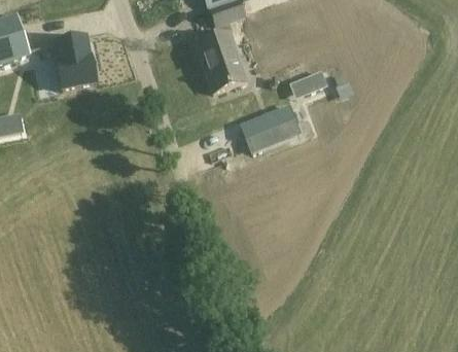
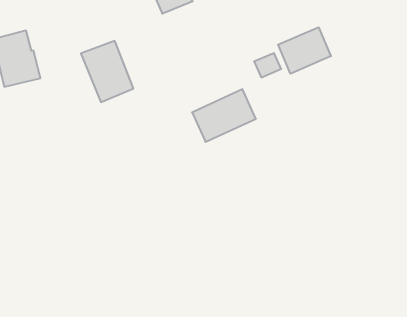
building: [198,33,246,91] -> [81,41,133,102]
building: none -> [278,27,331,74]

